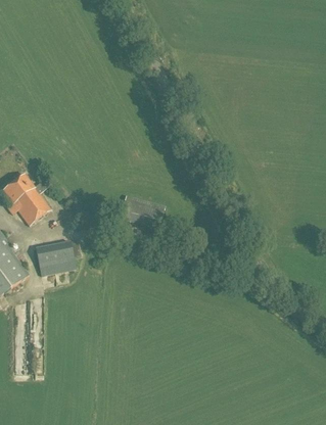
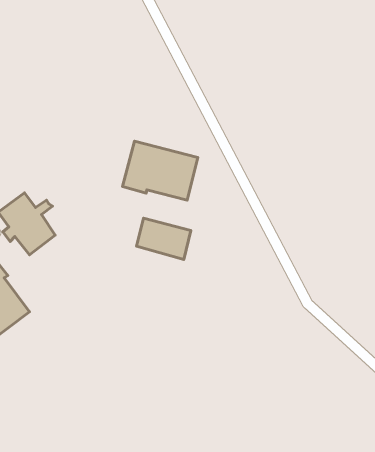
building: none -> [123,141,198,200]
building: [35,239,86,276] -> none

